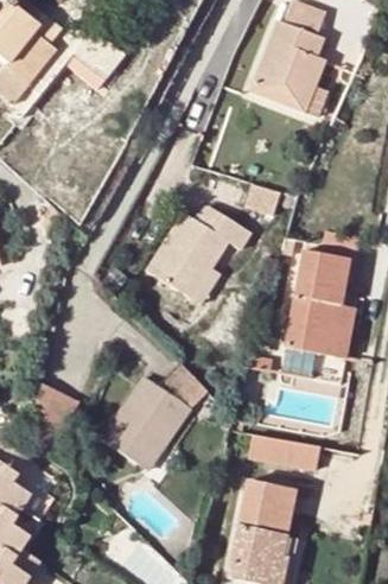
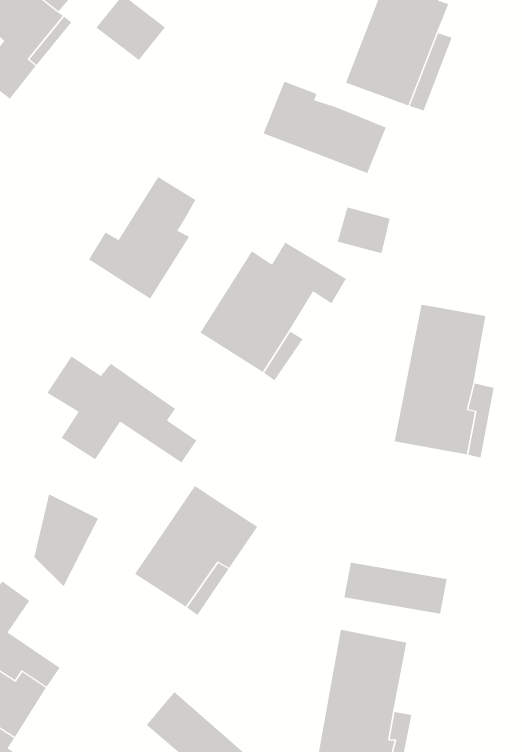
building: none -> [263,81,386,174]
building: none -> [88,176,196,300]
building: none -> [47,355,197,464]
building: [154,362,206,407] -> none

